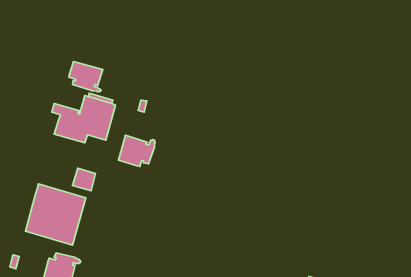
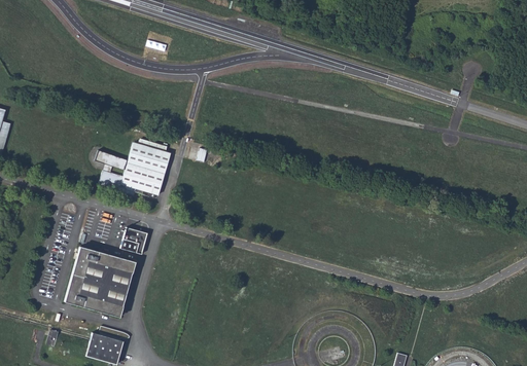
building: [69,62,103,92] -> none
building: [119,135,155,166] -> none

